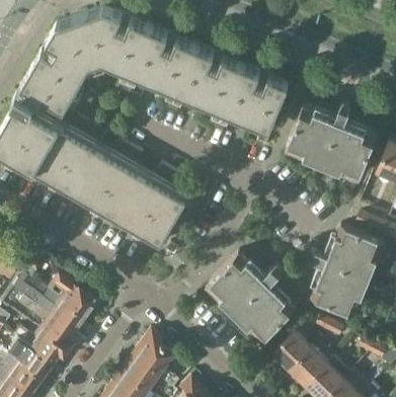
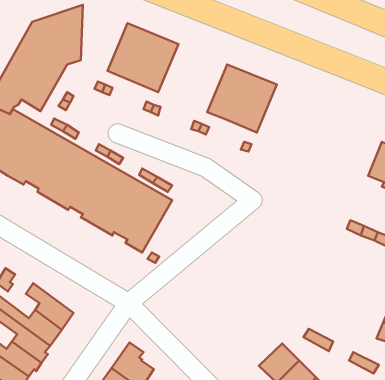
building: [102,12,147,75] -> none
building: [176,50,242,114] -> none
building: [286,107,377,181] -> none
building: [311,230,384,321] -> none
building: [206,256,295,346] -> none

